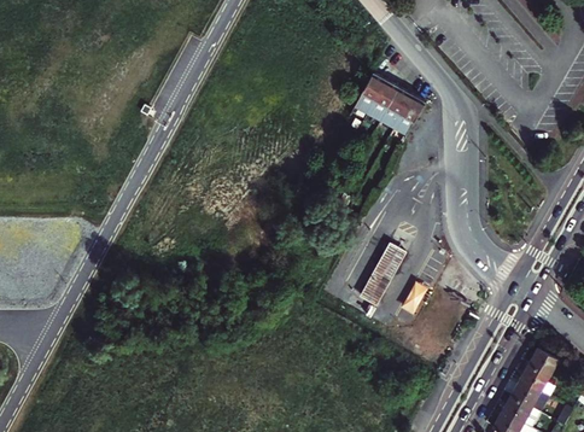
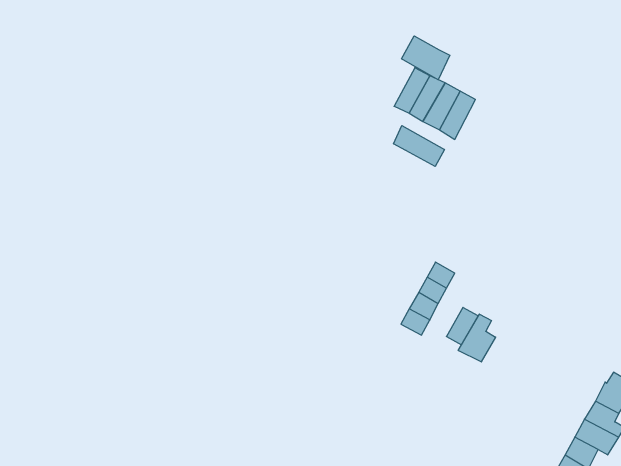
building: none -> [402,36,450,80]
building: none -> [394,126,444,166]
building: none -> [458,314,496,362]

